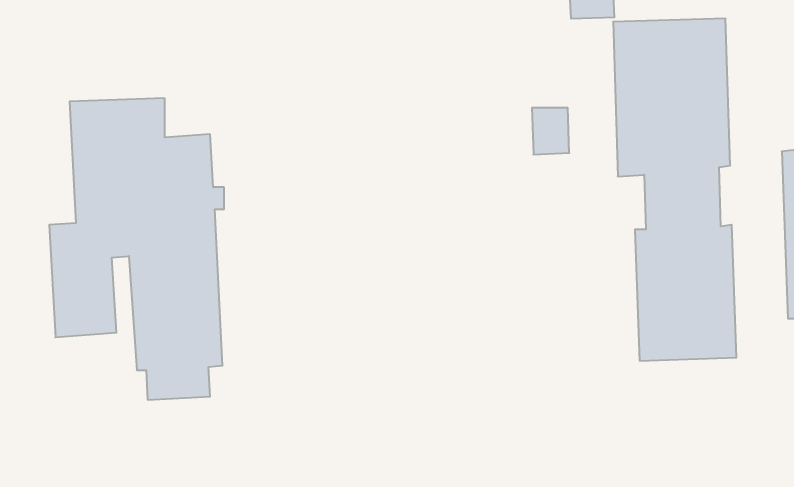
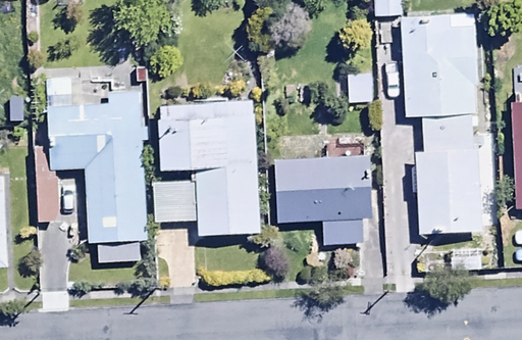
building: none -> [153,102,257,238]
building: none -> [275,144,374,246]

